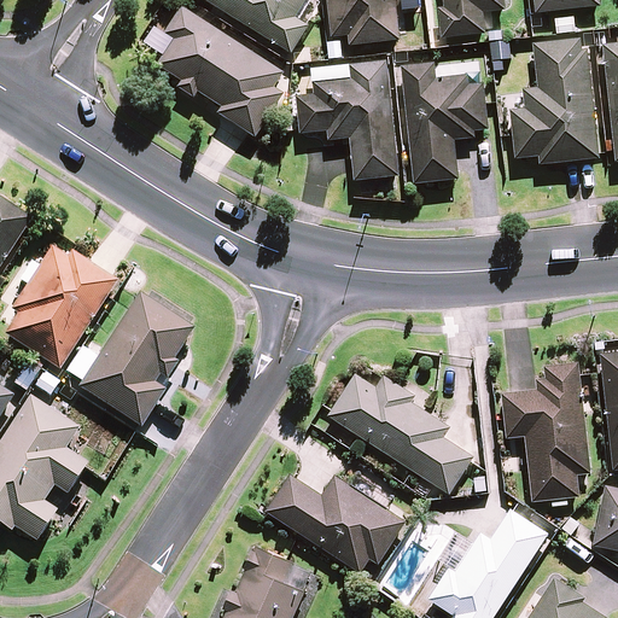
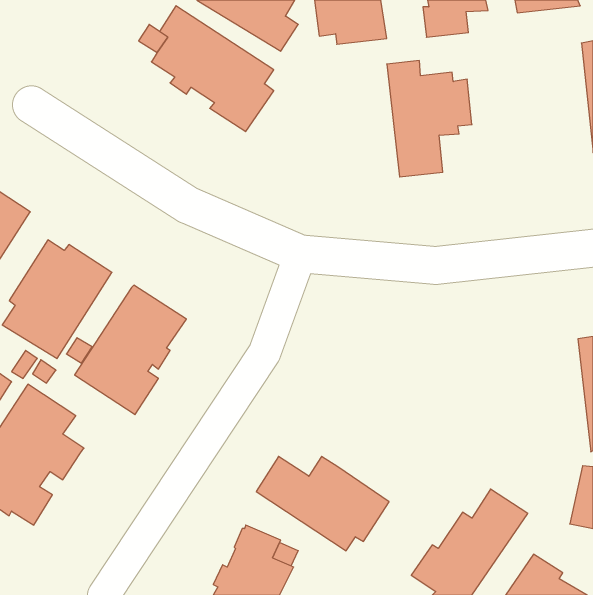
building: [511,39,599,165] -> none
building: [296,60,400,181] -> none
building: [500,360,589,500] -> none
building: [326,372,472,492] -> none

